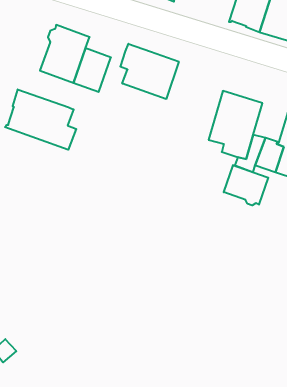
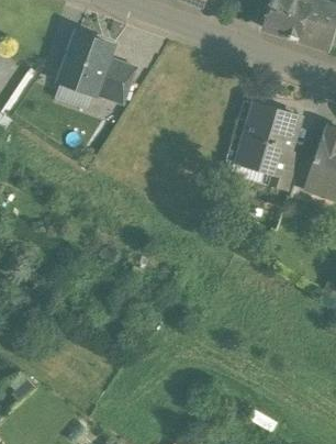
building: [120,44,179,99] -> none
building: [5,89,76,150] -> none
building: [224,165,268,205] -> none

